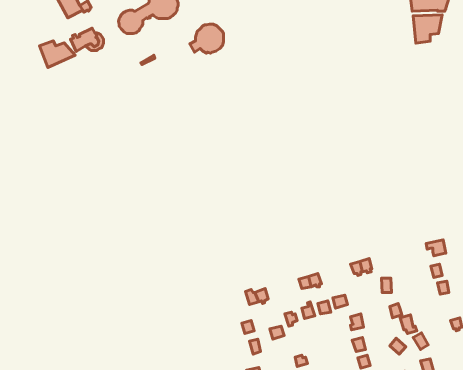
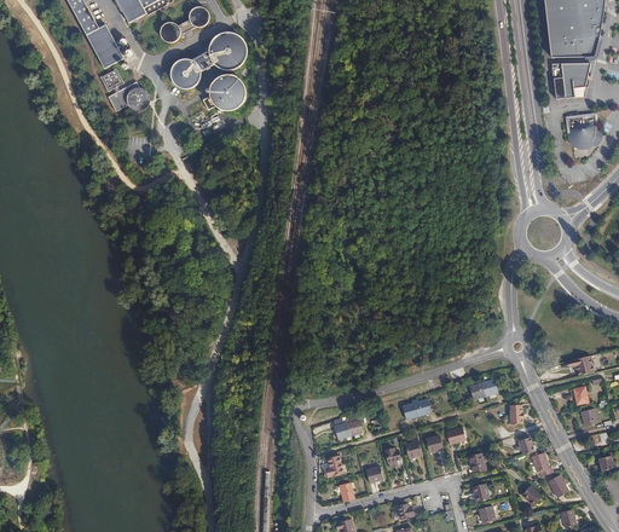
building: [190,24,223,53] -> [202,74,245,111]
building: [39,41,75,68] -> none
building: none -> [565,115,597,146]

